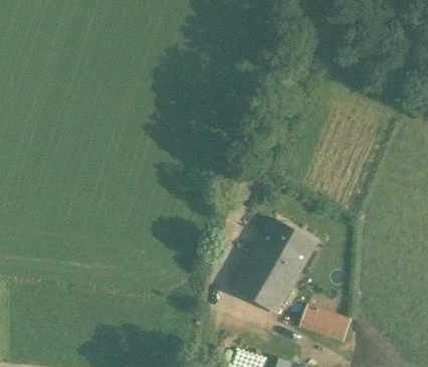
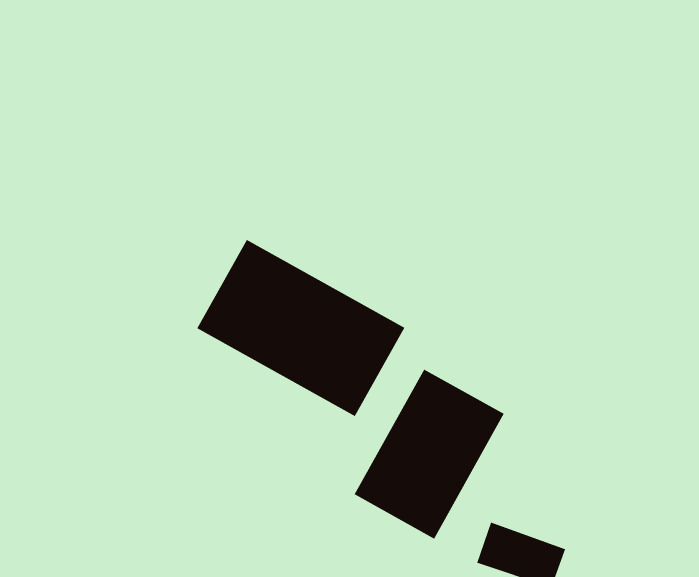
building: none -> [196,239,405,417]

